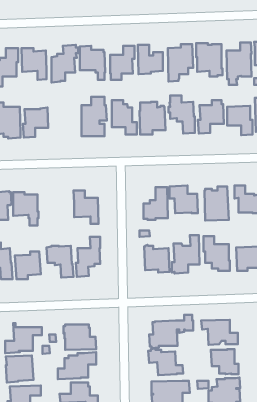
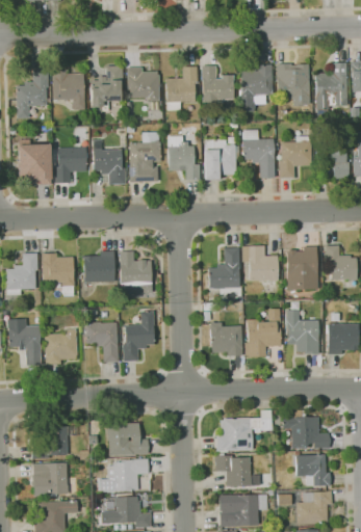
building: none -> [92,139,125,185]
building: none -> [81,251,114,282]

